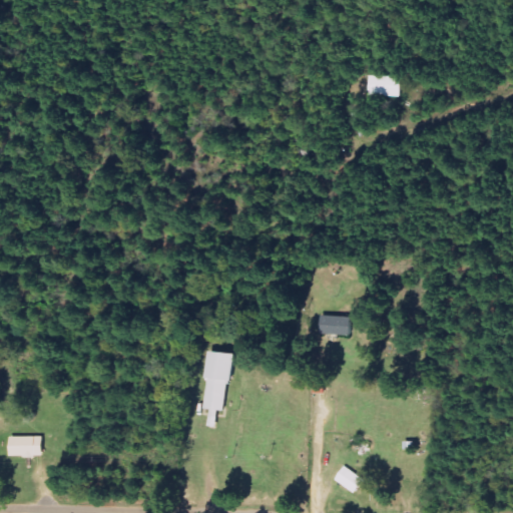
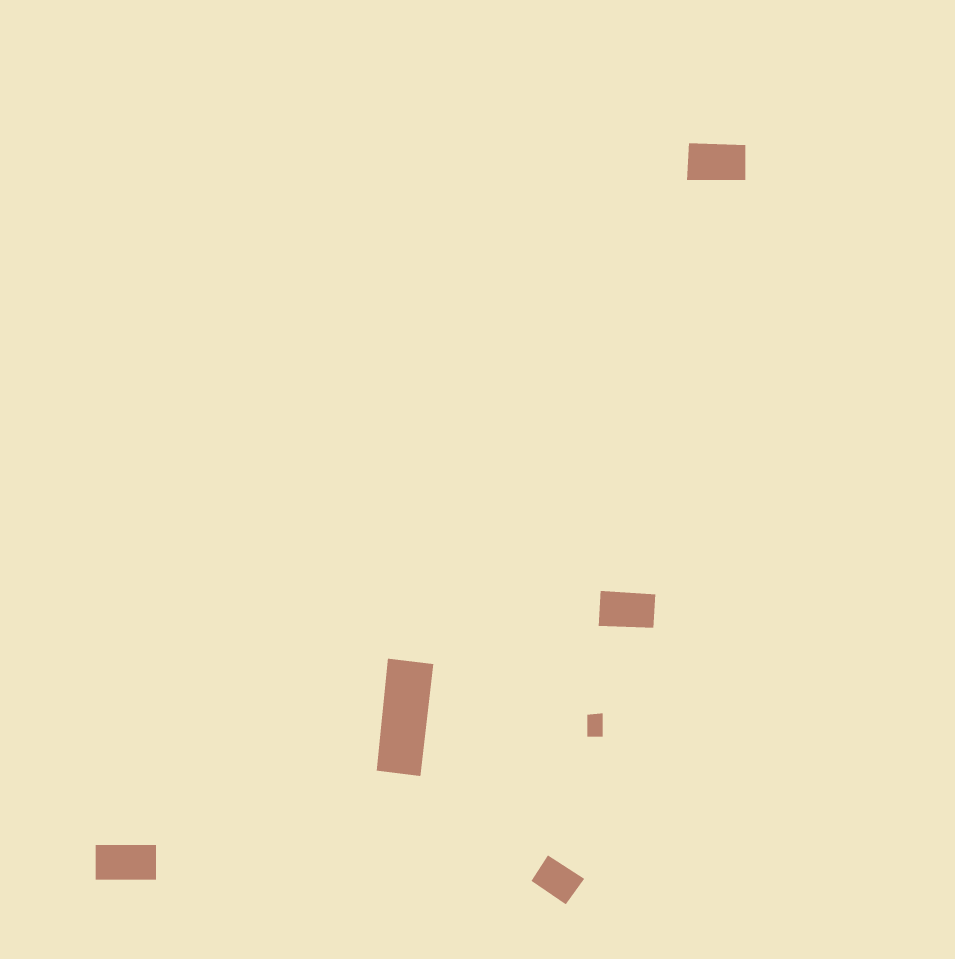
building: [9,437,42,456] -> [95,844,157,880]
building: [334,466,363,493] -> [531,854,585,905]

